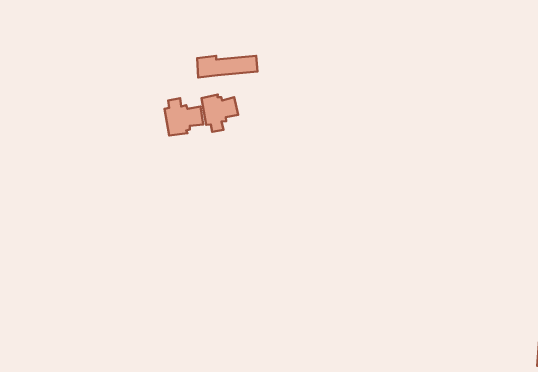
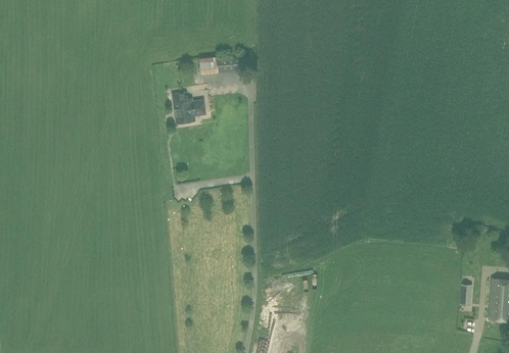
building: [201,94,238,132] -> none

